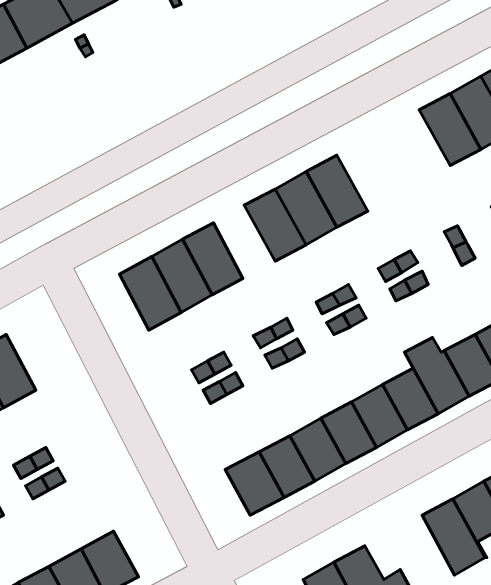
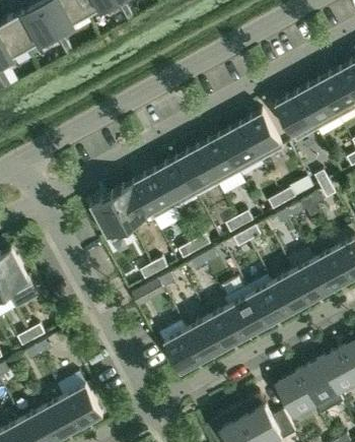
building: none -> [275,91,318,142]
building: none -> [240,111,284,162]
building: none -> [155,157,198,208]
building: none -> [277,372,322,415]

